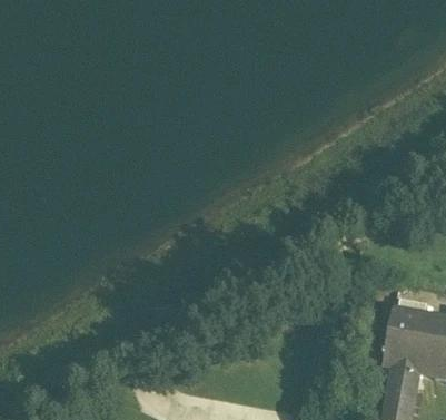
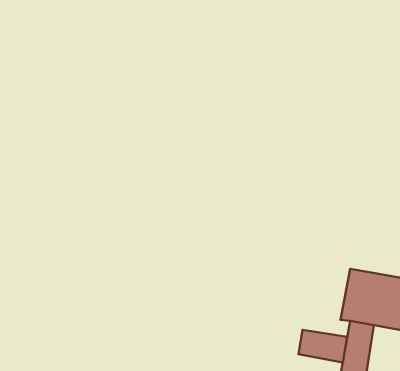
building: none -> [298,330,347,362]

